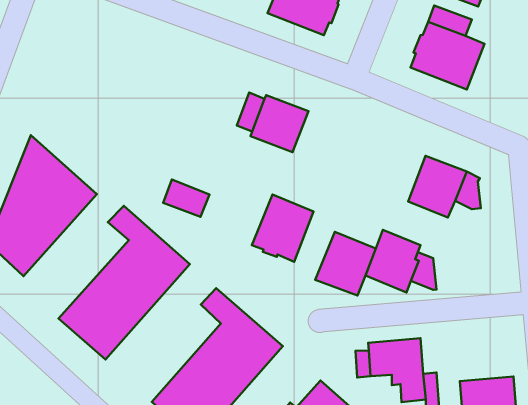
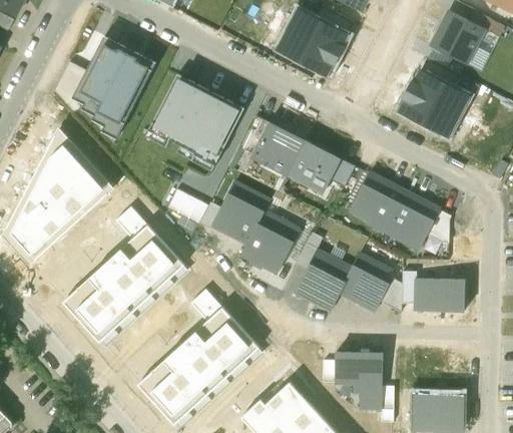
building: none -> [71,36,154,129]
building: none -> [147,74,243,164]
building: none -> [286,140,341,194]
building: none -> [349,173,404,231]
building: none -> [211,182,269,244]
building: none -> [415,279,463,312]

